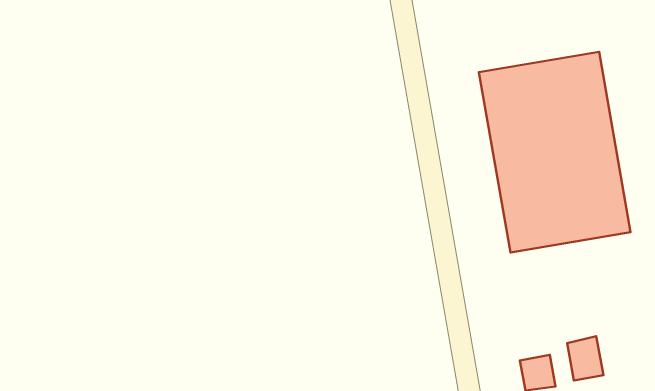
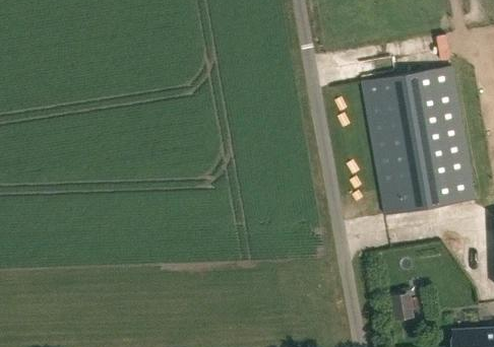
building: [567,336,603,381] -> none

